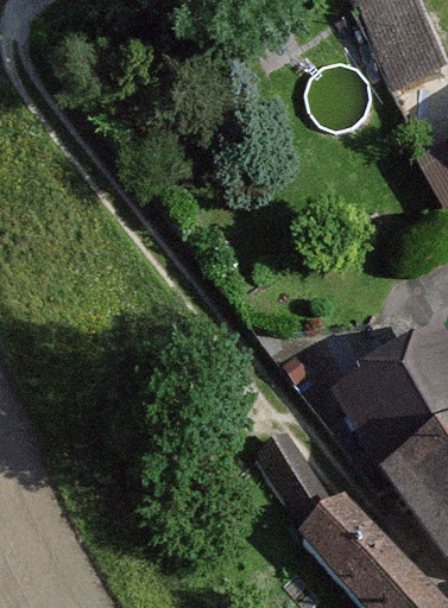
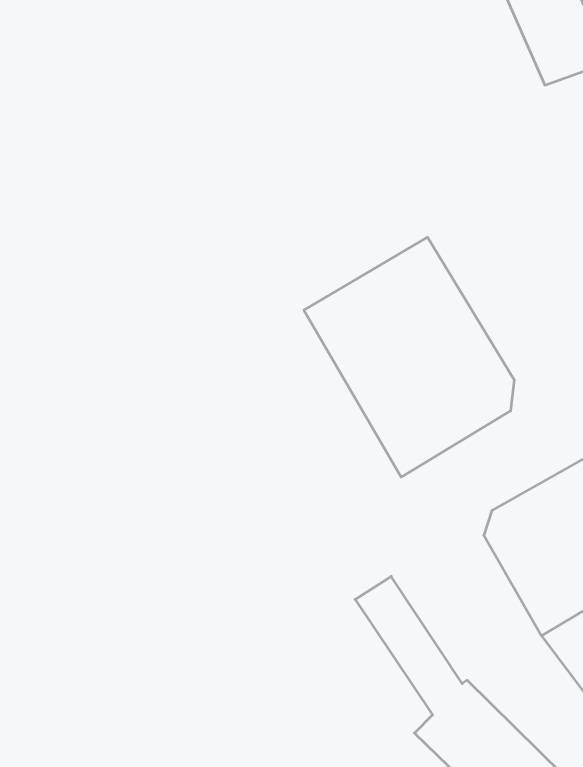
building: none -> [304,237,514,477]

